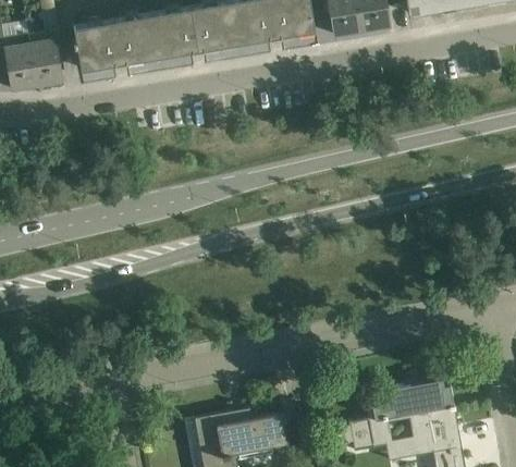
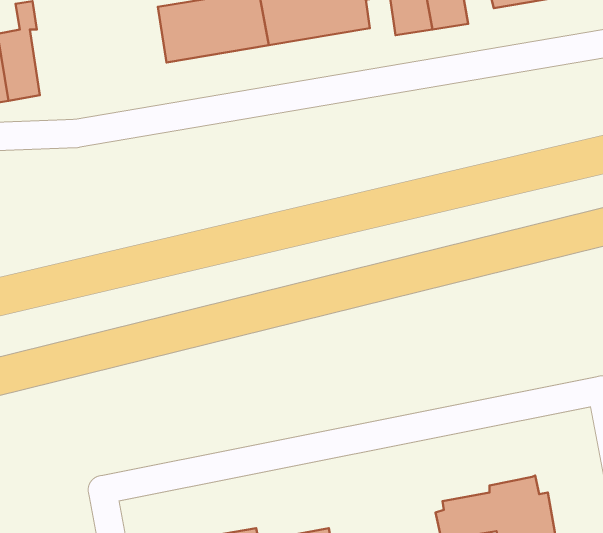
building: [72,16,158,72] -> none

